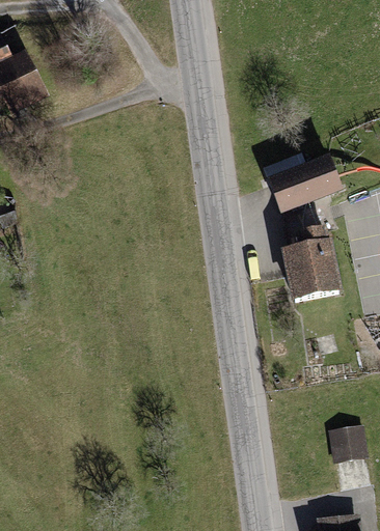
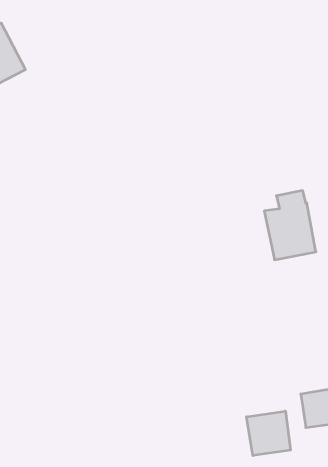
building: [269,155,340,204] -> none
building: none -> [247,411,290,456]

